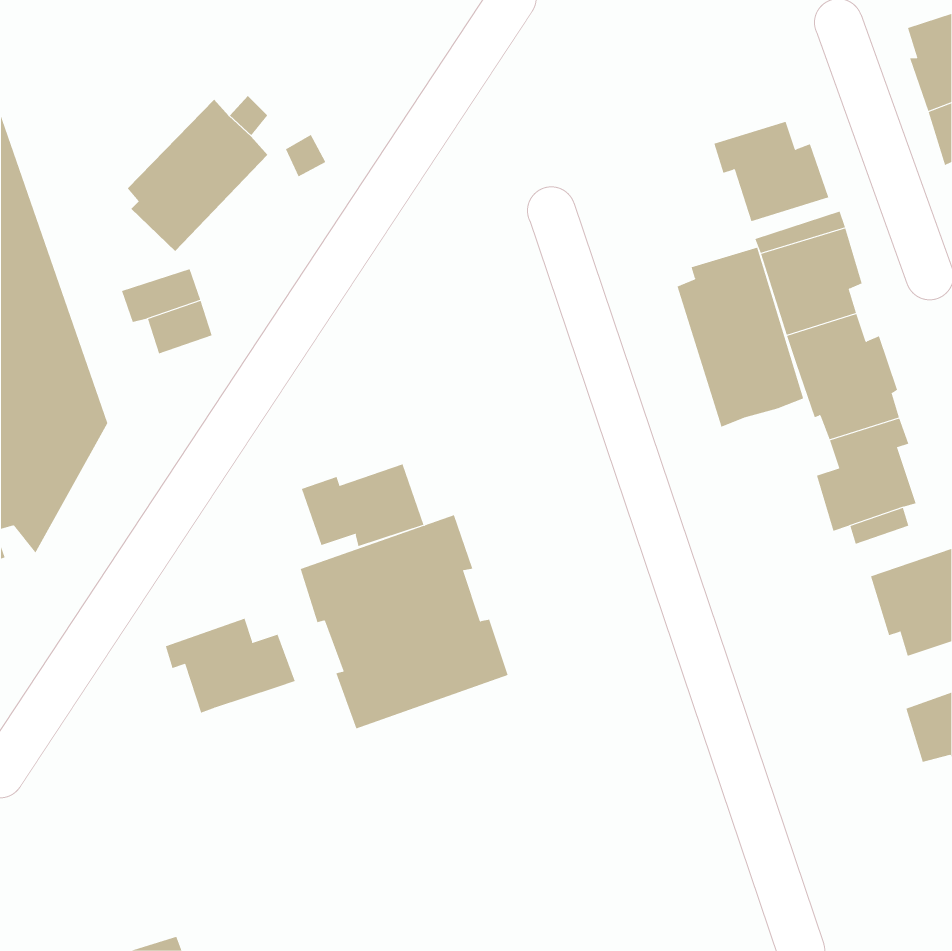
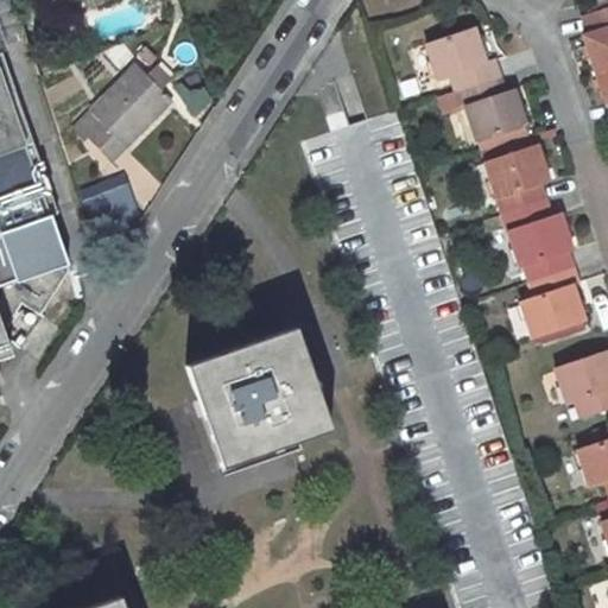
building: none -> [426,28,501,91]
building: [677,247,804,428] -> none
building: [301,464,424,547] -> none
building: [165,618,296,713] -> none

